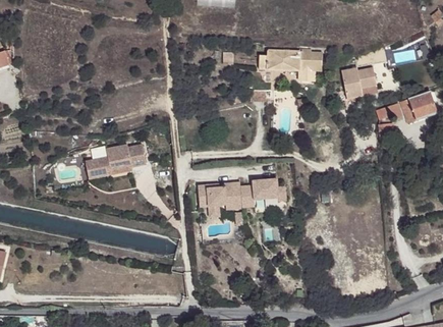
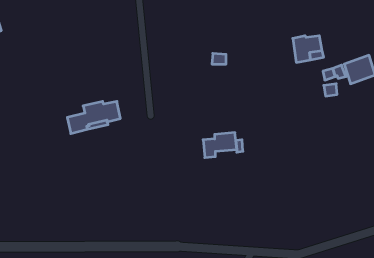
building: [259,49,323,70] -> none
building: [198,182,241,212] -> none

